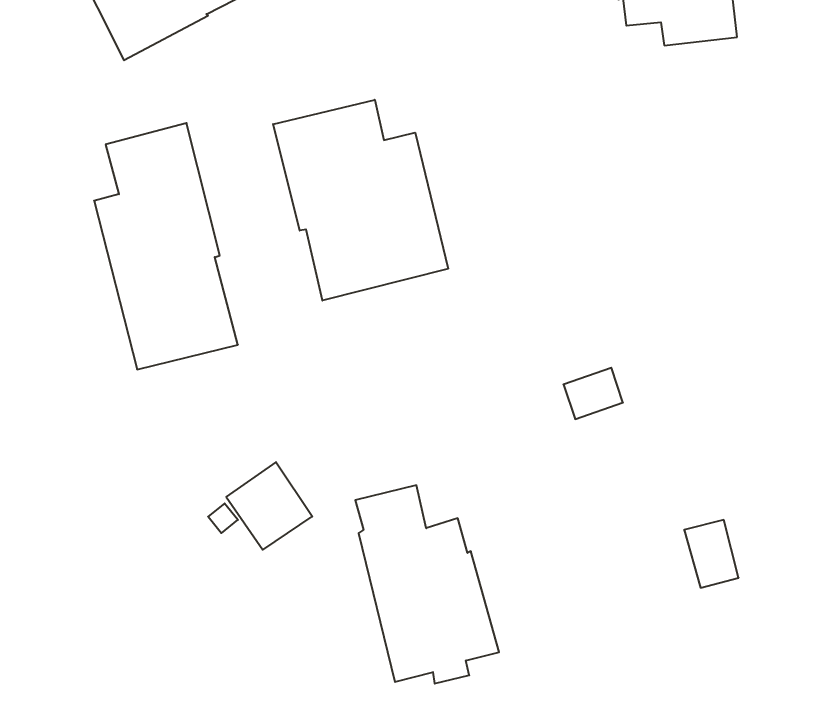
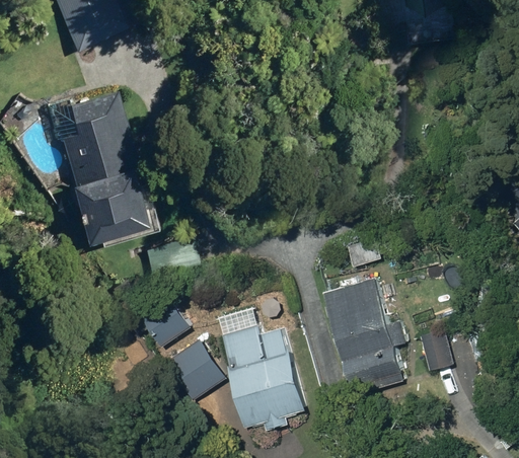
building: [273,100,448,301] -> none
building: none -> [323,279,403,395]
building: none -> [164,337,227,402]

